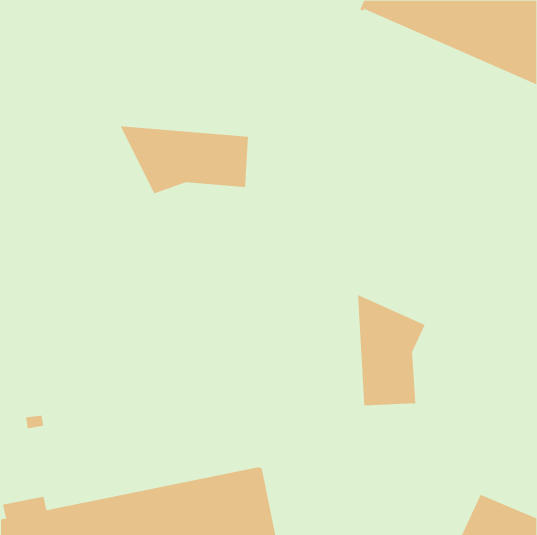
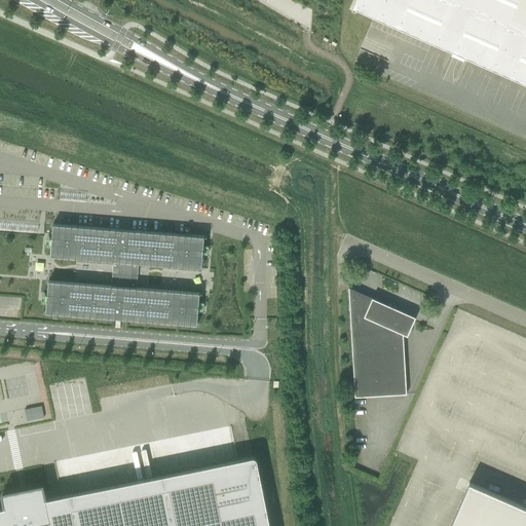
building: [120,126,249,194] -> none
building: none -> [46,227,204,328]

